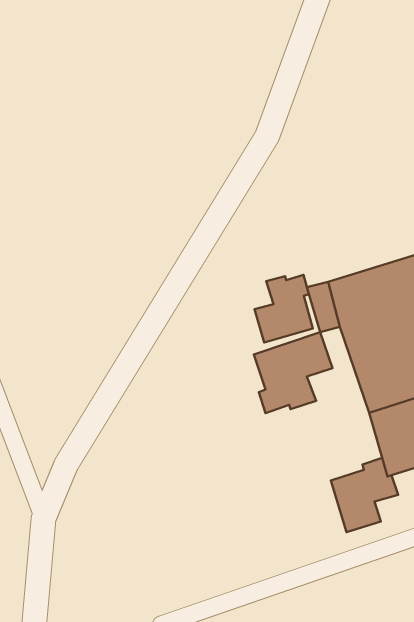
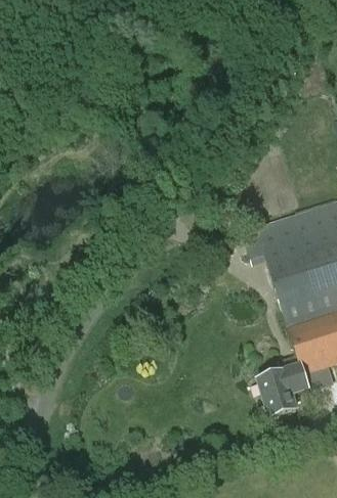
building: [254,275,313,343] -> none
building: [254,332,333,413] -> none

